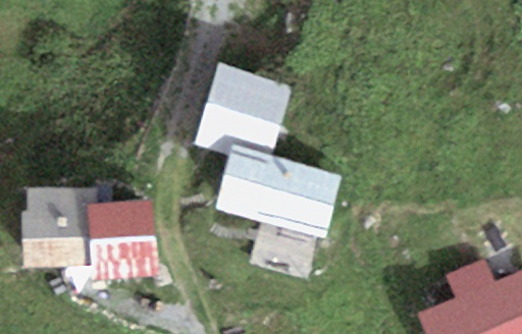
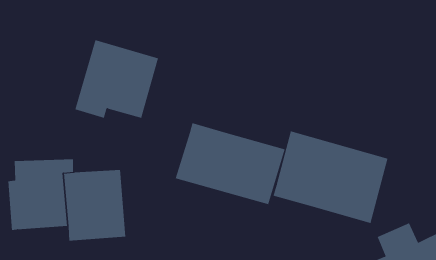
building: [195,65,292,156] -> [75,40,159,118]
building: none -> [273,130,388,224]

